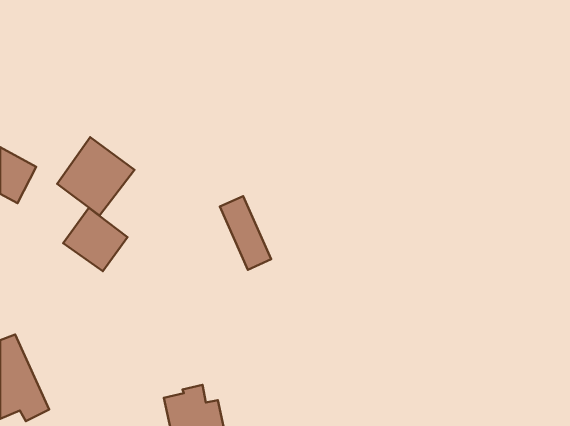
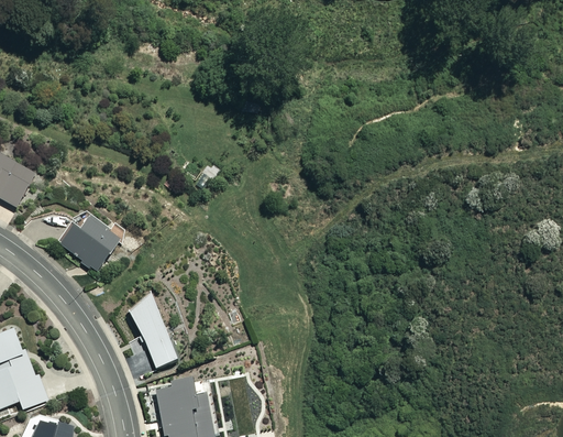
building: [57,137,135,215] -> none
building: [220,196,271,270] -> [131,303,179,372]

